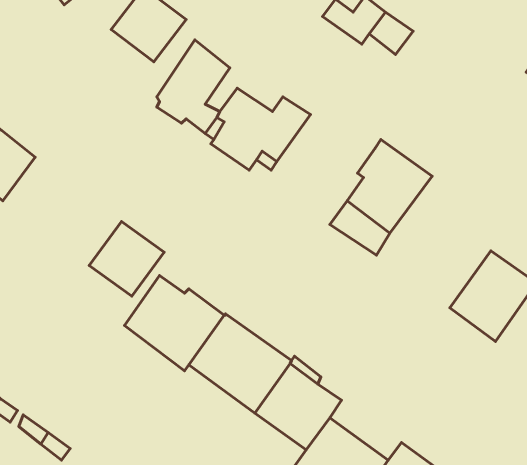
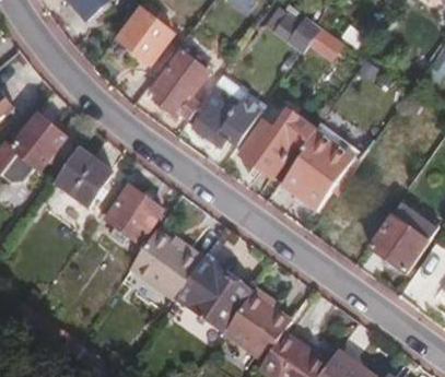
building: none -> [242,110,316,178]
building: none -> [52,146,112,207]

